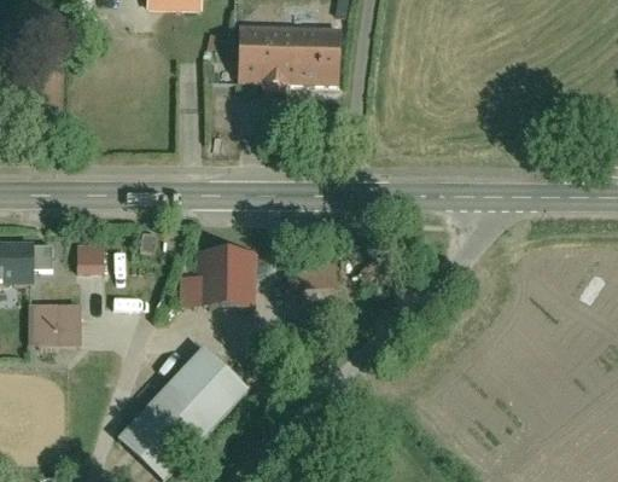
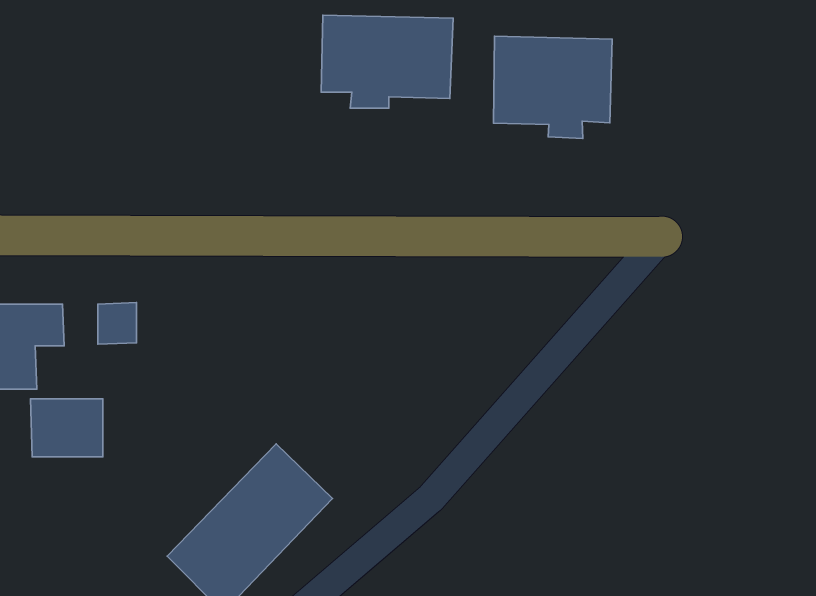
building: none -> [493,36,612,139]
building: [174,246,253,310] -> none

